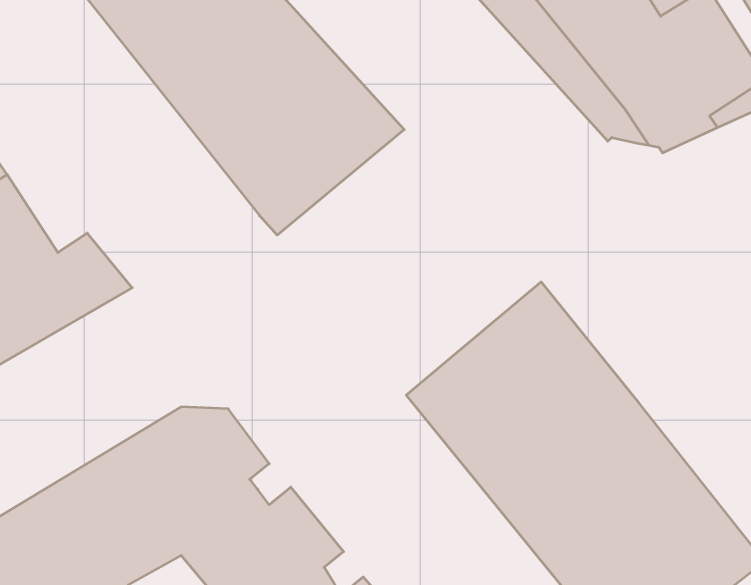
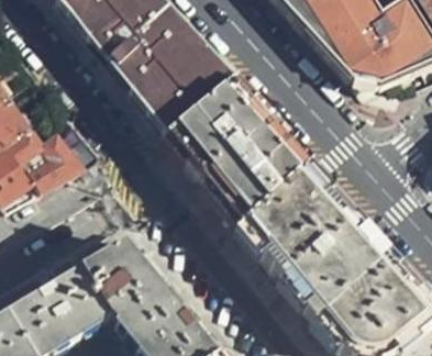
building: none -> [162,78,310,227]

